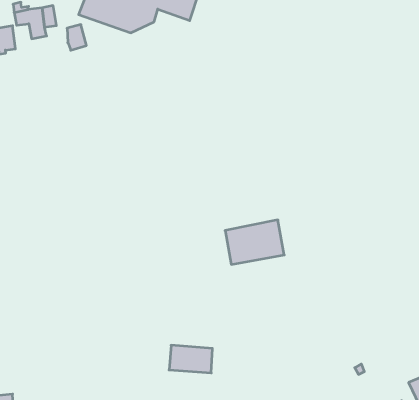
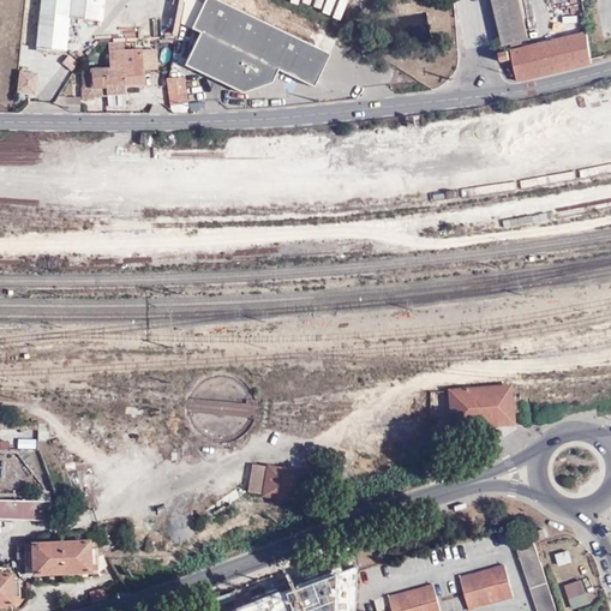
building: none -> [103,67,124,95]
building: [225,220,284,264] -> [439,385,505,431]

